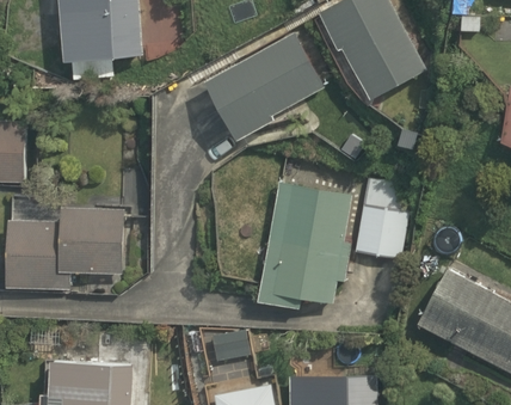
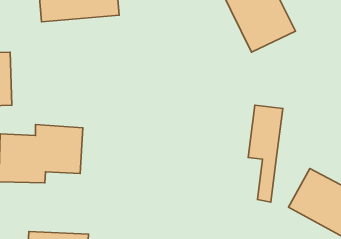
building: [209,36,321,139] -> none
building: [263,176,346,309] -> none

